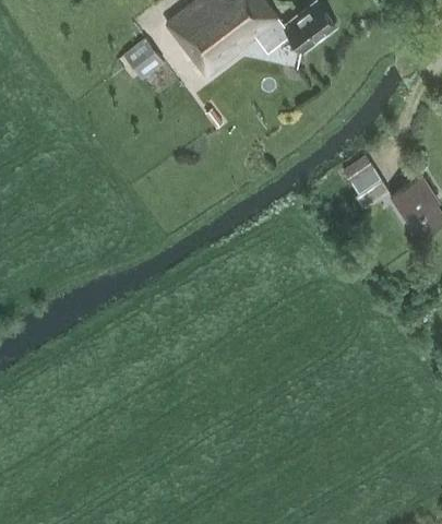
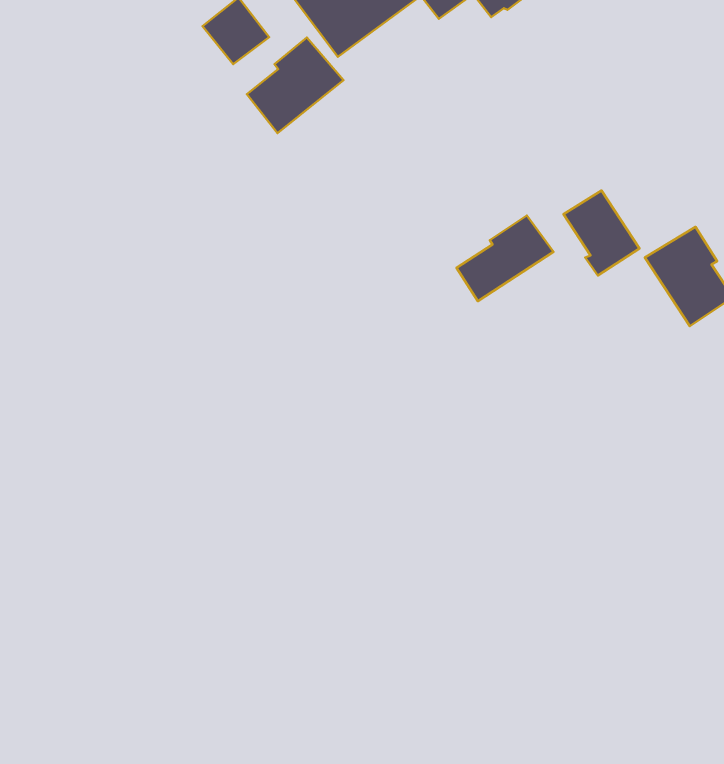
building: none -> [247,38,344,133]
building: none -> [457,216,553,301]

